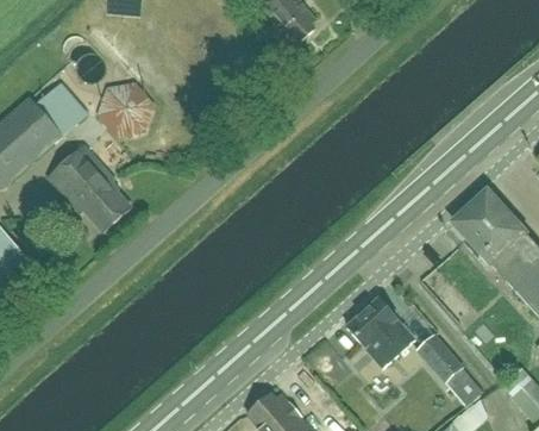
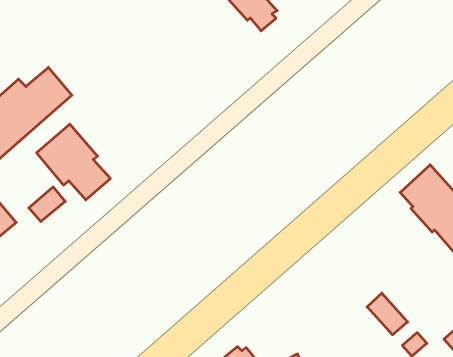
building: [96,81,155,136] -> none
building: none -> [29,187,65,222]
building: [345,298,414,367] -> none

